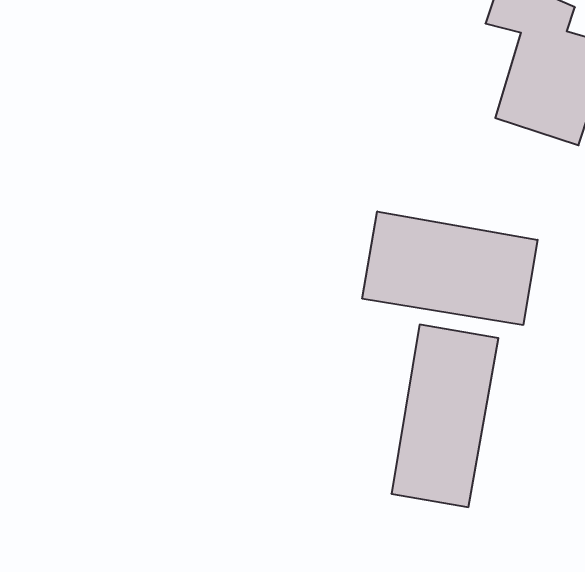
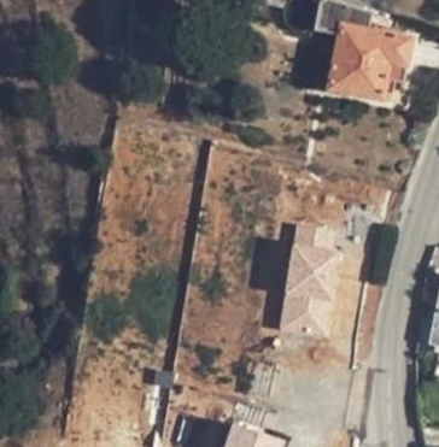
building: [362,211,538,325] -> none

